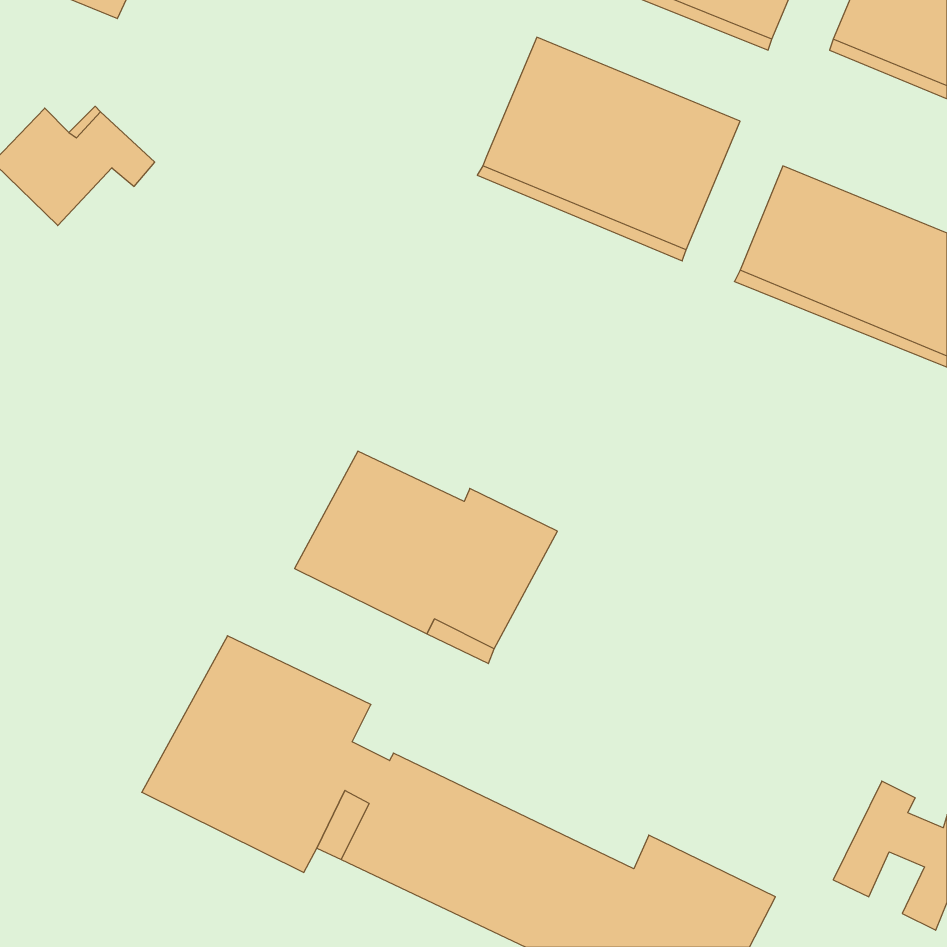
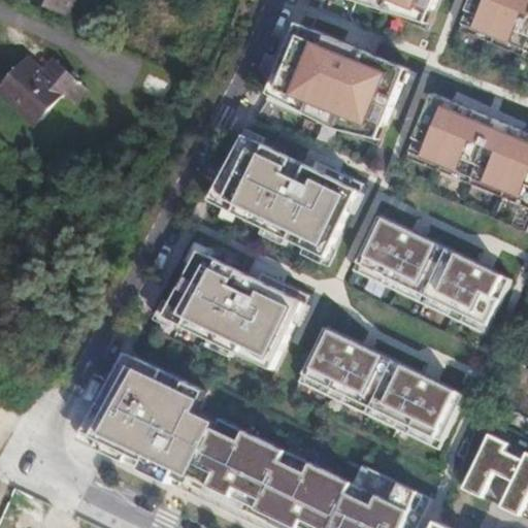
building: none -> [208,134,363,257]
building: none -> [353,213,510,333]
building: none -> [295,324,462,447]

